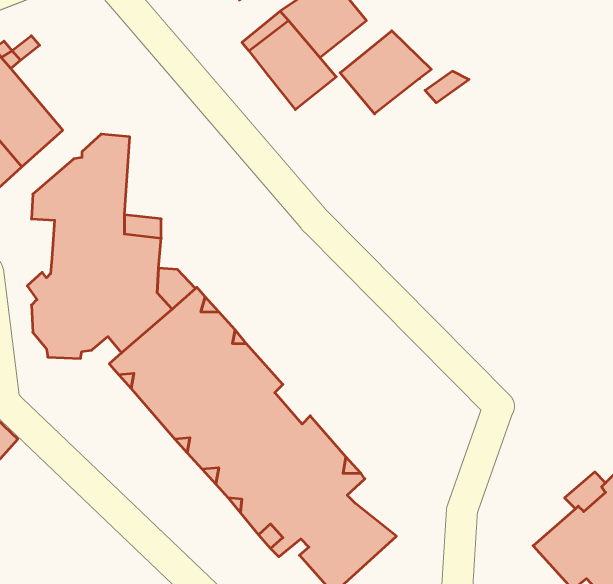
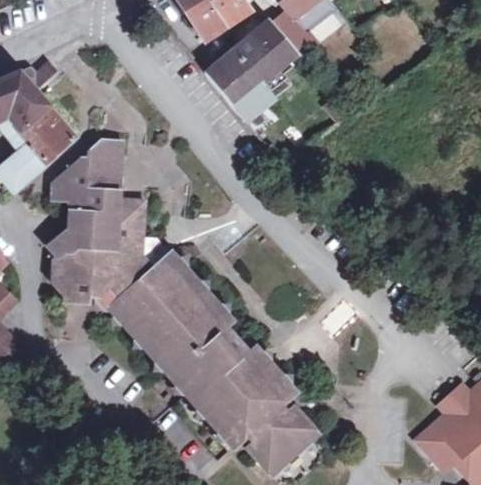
building: [340,31,431,114] -> none

